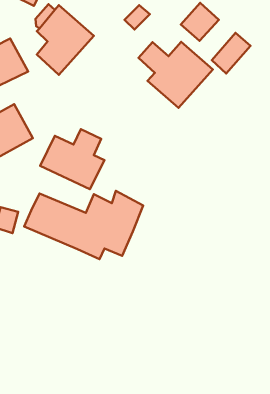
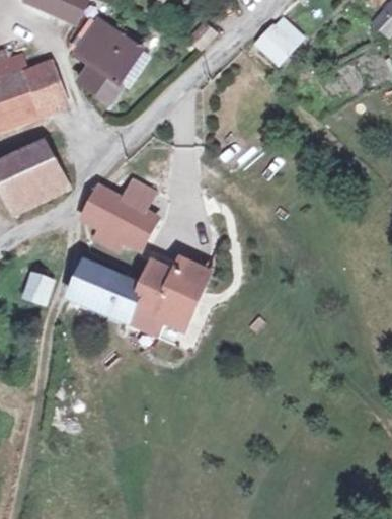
building: [212,33,251,73] -> none
building: [138,42,213,108] -> none

